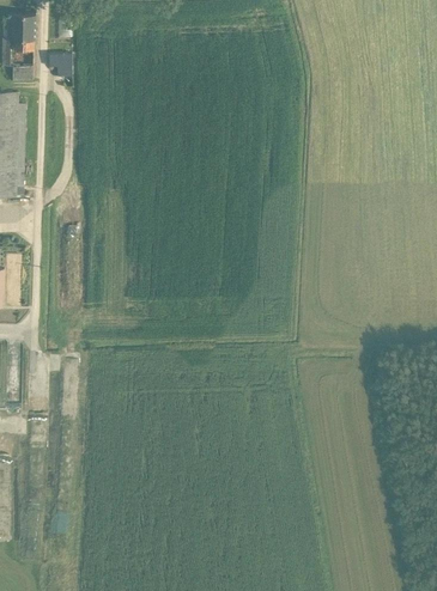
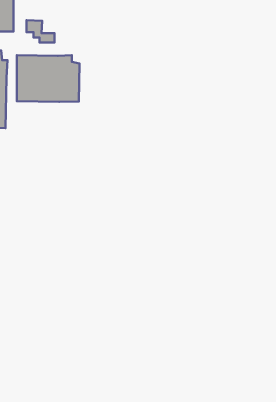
building: none -> [17,55,80,102]

